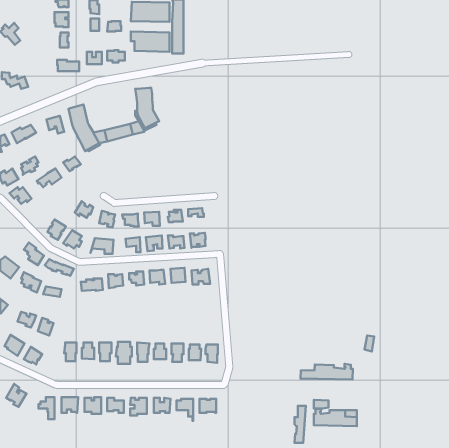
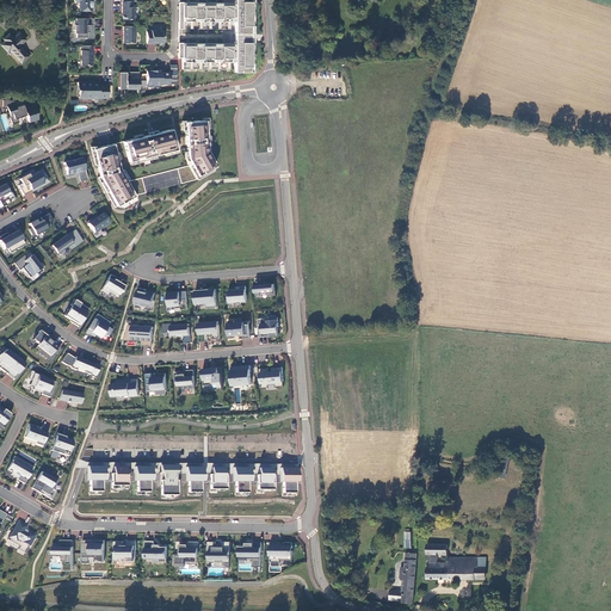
building: none -> [123,128,177,161]
building: [300,364,353,379] -> none

